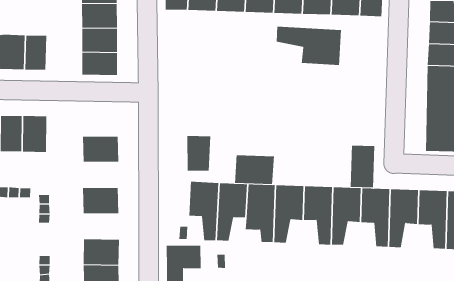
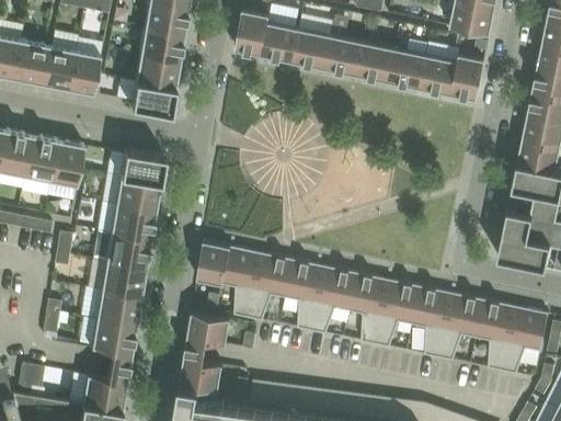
building: [276,26,342,66] -> none
building: none -> [119,151,164,183]
building: [187,136,211,171] -> [197,241,231,285]
building: [350,145,375,188] -> none
building: [234,155,274,185] -> none
building: none -> [110,205,156,240]
building: none -> [101,262,146,298]

